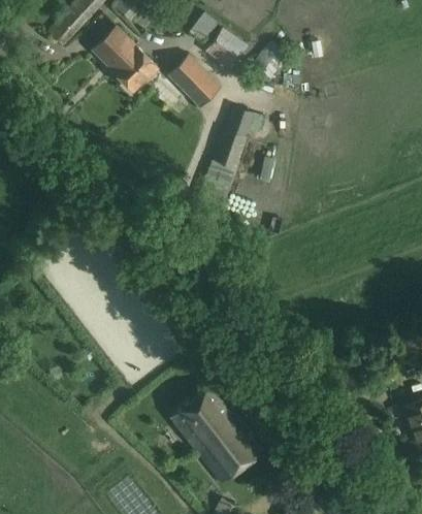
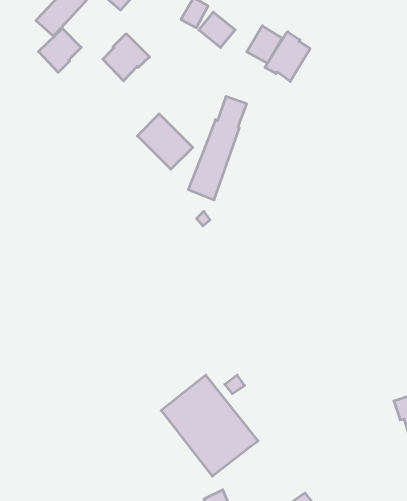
building: [93,27,135,70] -> [38,29,81,72]
building: none -> [265,32,310,82]
building: [167,54,222,108] -> [137,114,193,169]

